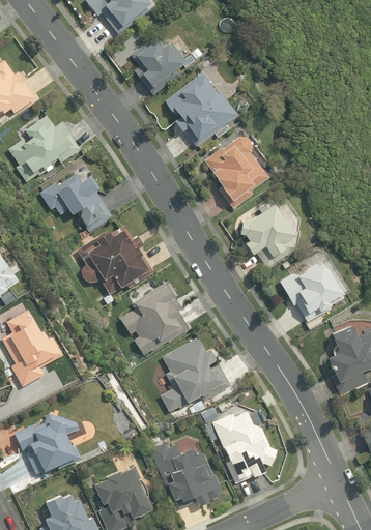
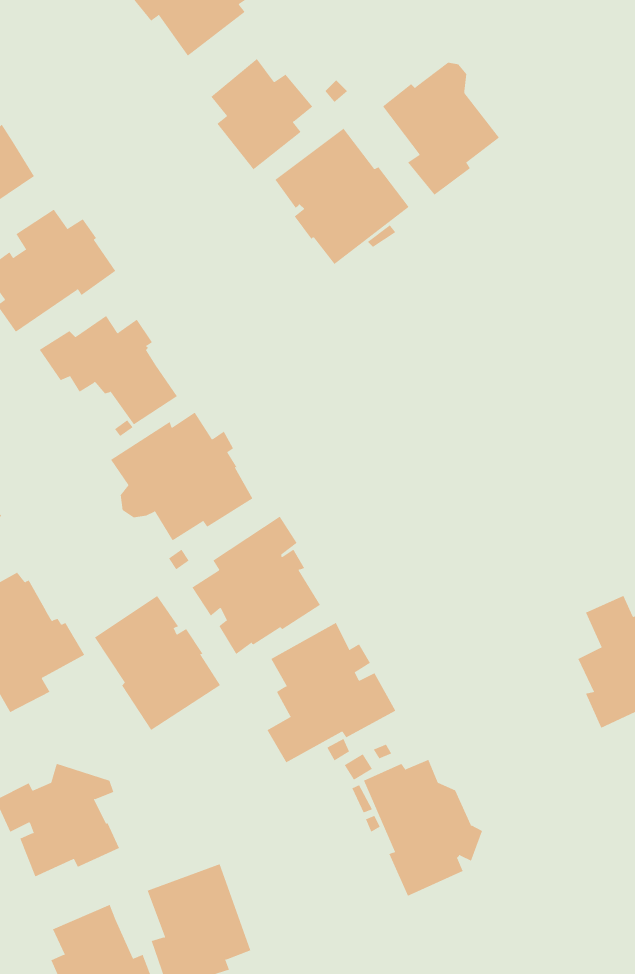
building: [204,137,267,208] -> [382,62,500,195]
building: [239,201,295,266] -> none
building: [278,265,341,322] -> none
building: none -> [94,595,221,731]
building: [148,441,221,507] -> none

